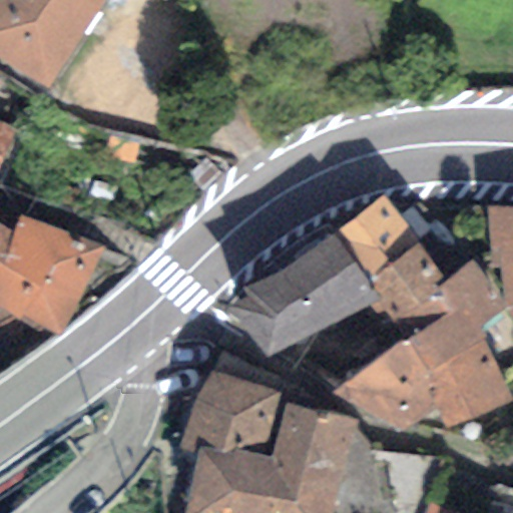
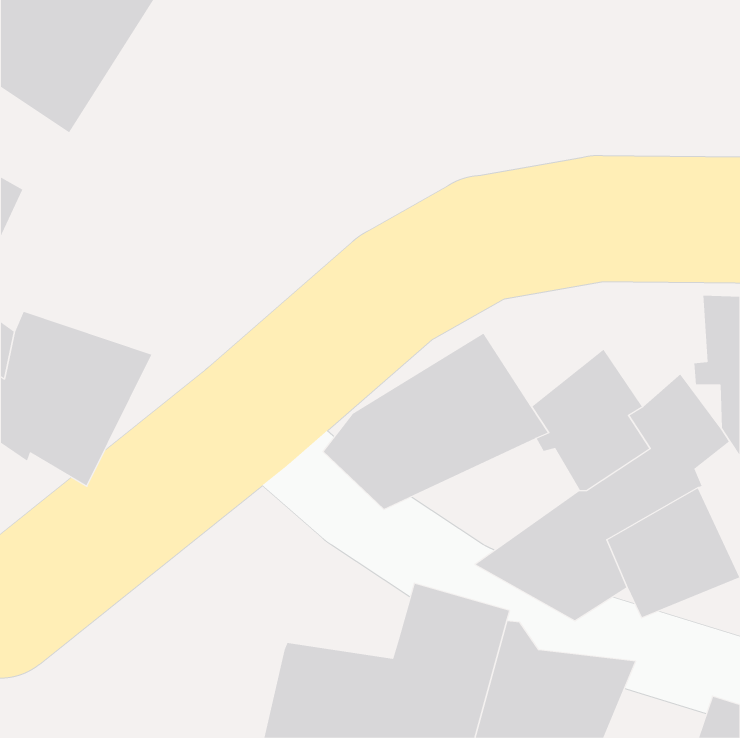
building: [335,193,418,282] -> none
building: [177,370,281,456] -> none

